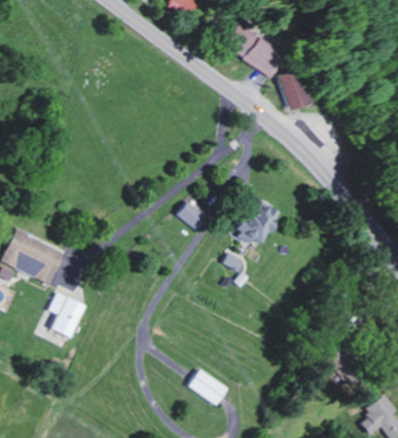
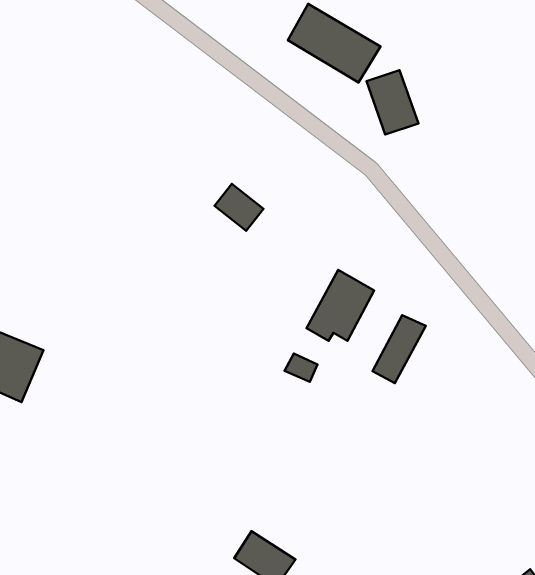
building: [177,200,209,231] -> [215,184,263,231]
building: none -> [372,315,426,383]
building: [49,292,87,338] -> none

